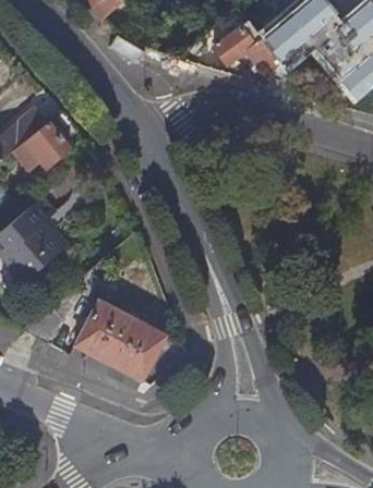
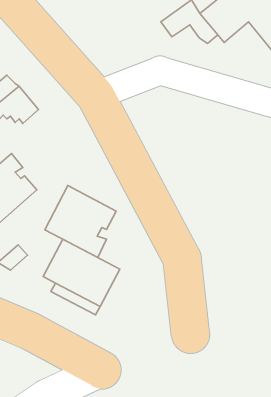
building: none -> [45,185,116,258]

